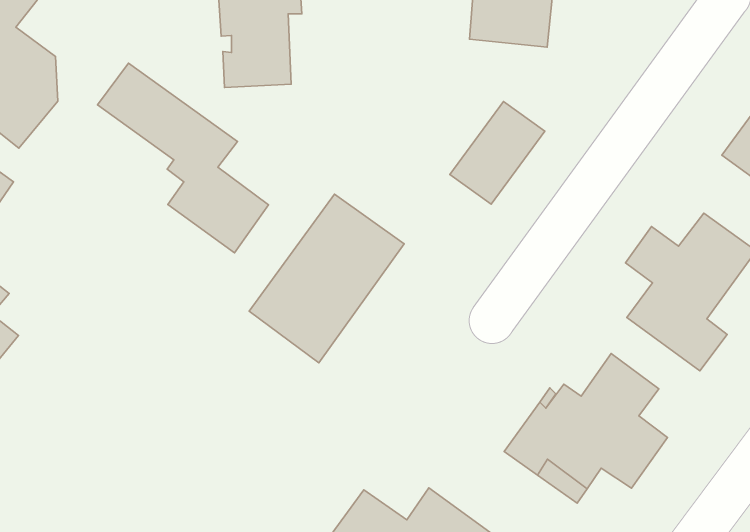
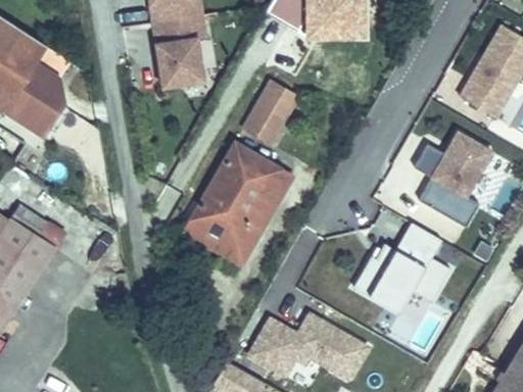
building: [98,63,269,253] -> none
building: [450,102,545,204] -> [243,80,297,142]
building: none -> [184,167,292,263]

